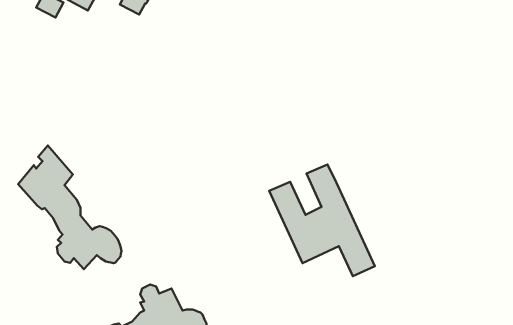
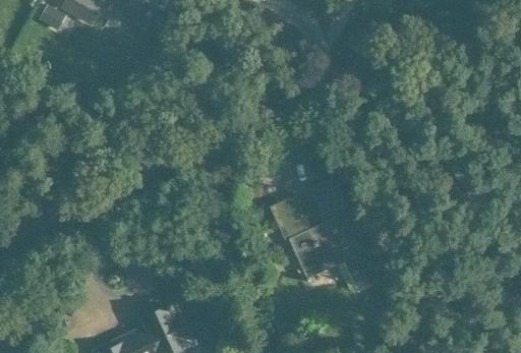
building: [18,146,121,269] -> none

